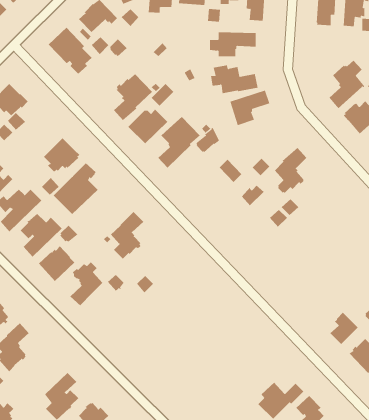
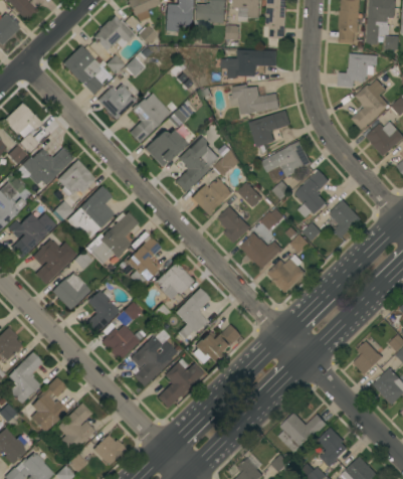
building: none -> [338,53,379,88]
building: none -> [96,85,136,120]
building: none -> [261,141,313,177]
building: none -> [21,147,73,185]
building: none -> [191,177,233,216]
building: none -> [330,200,362,240]
building: none -> [218,206,251,244]
building: none -> [88,212,138,265]
building: none -> [240,233,282,269]
building: none -> [268,255,306,295]
building: none -> [155,263,193,300]
building: none -> [175,288,209,339]
building: none -> [195,324,241,363]
building: none -> [102,325,139,361]
building: none -> [130,329,176,386]
building: none -> [157,358,204,409]
building: none -> [30,377,66,433]

